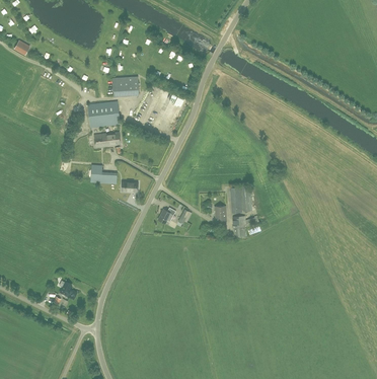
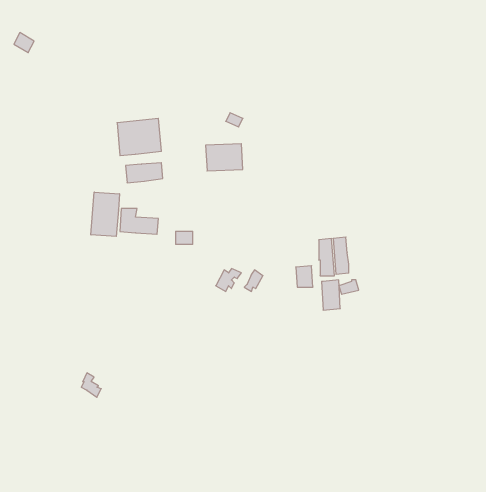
building: [111,76,138,95] -> [206,144,243,171]
building: none -> [91,192,119,236]

